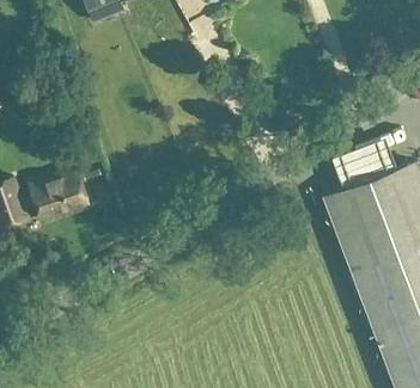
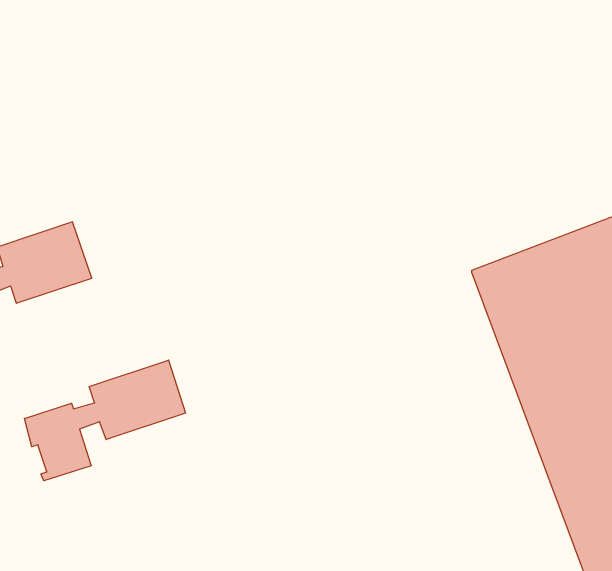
building: none -> [24,360,186,481]

